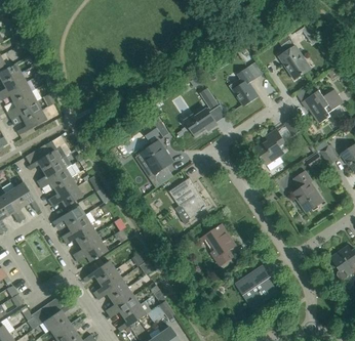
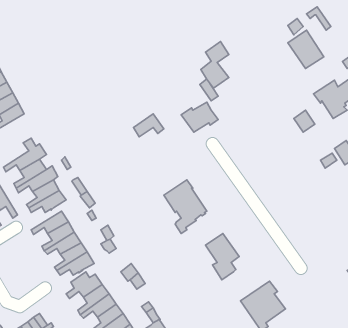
building: [233,65,258,105] -> [201,42,229,88]
building: [253,128,286,170] -> none
building: [140,141,172,187] -> none
building: [292,171,321,212] -> none

